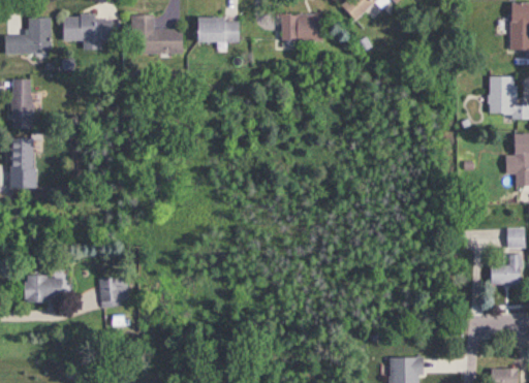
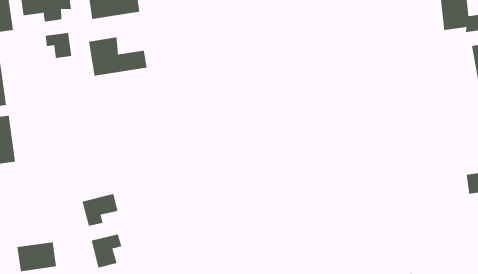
building: none -> [45,32,72,59]
building: none -> [89,37,147,77]
building: none -> [82,193,118,227]

